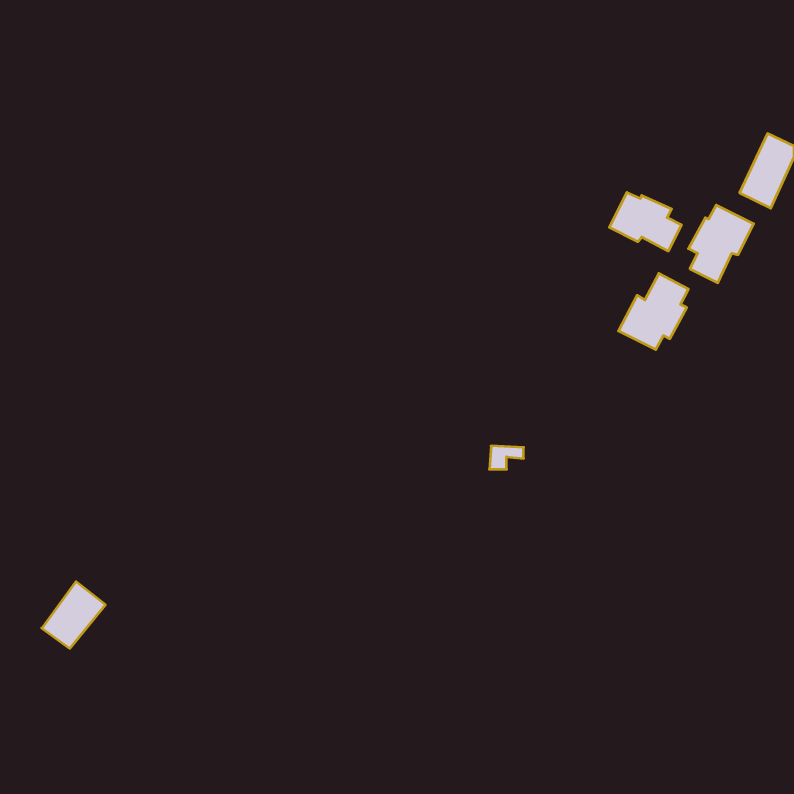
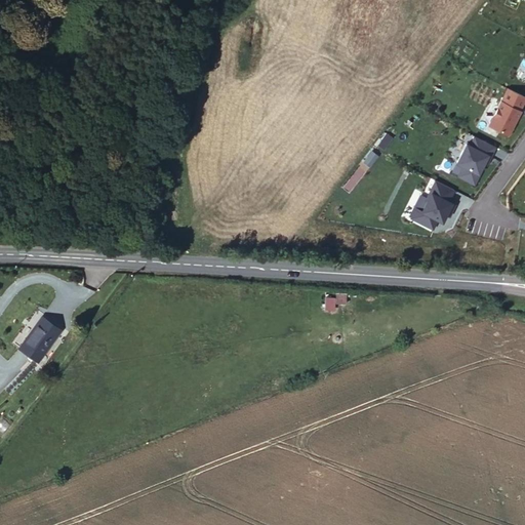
building: [609,192,681,251] -> none
building: [42,582,105,648] -> [21,315,63,359]

